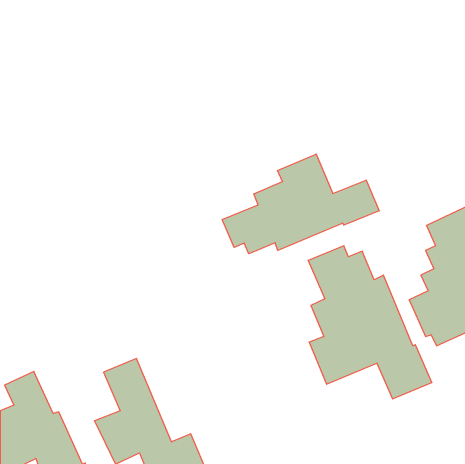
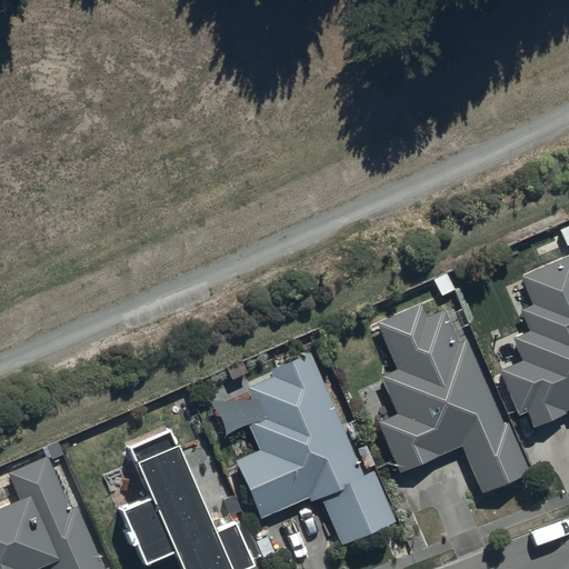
building: [222,154,379,254] -> none
building: none -> [234,352,393,540]

